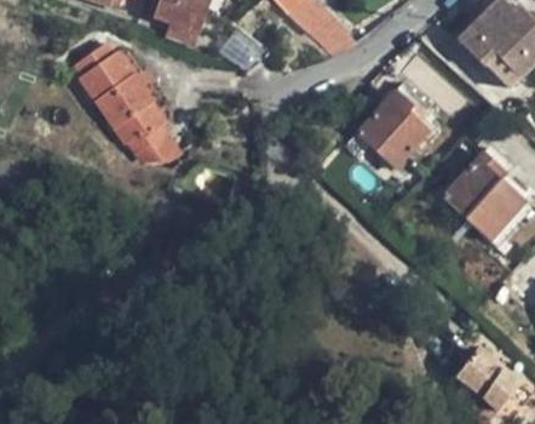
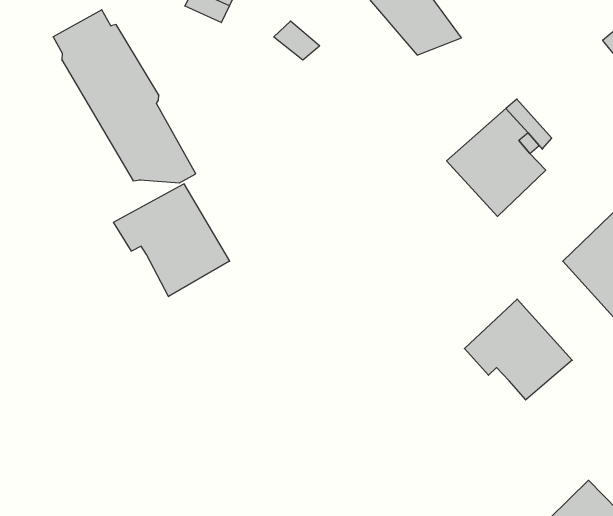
building: none -> [113,184,230,297]
building: none -> [464,299,572,400]

